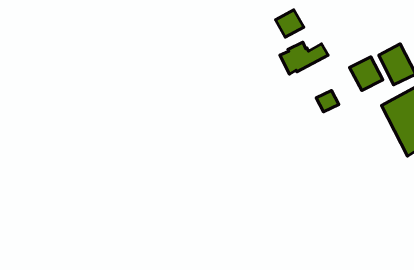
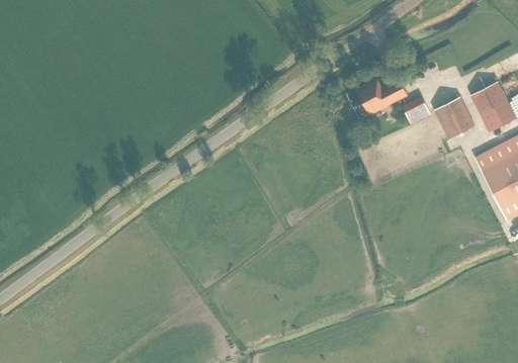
building: [275,10,304,37] -> none
building: [316,90,339,112] -> [403,96,431,122]

